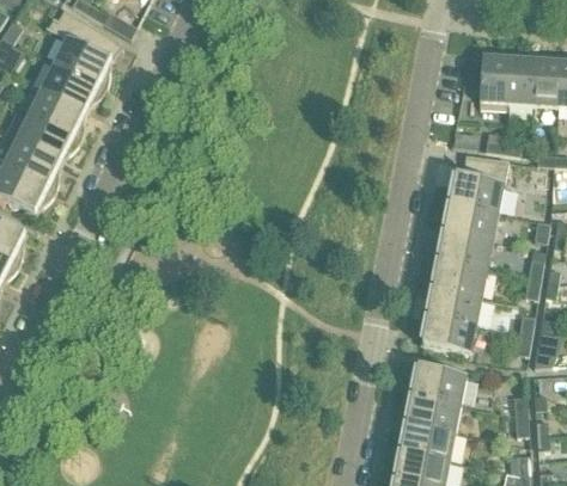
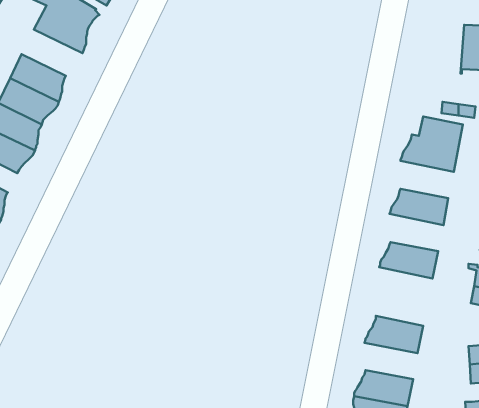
building: [480,55,510,109] -> none
building: [42,62,106,111] -> none
building: [441,201,499,240] -> none
building: [431,257,488,296] -> none
building: [420,313,476,353] -> none
building: [404,393,461,431] -> none

